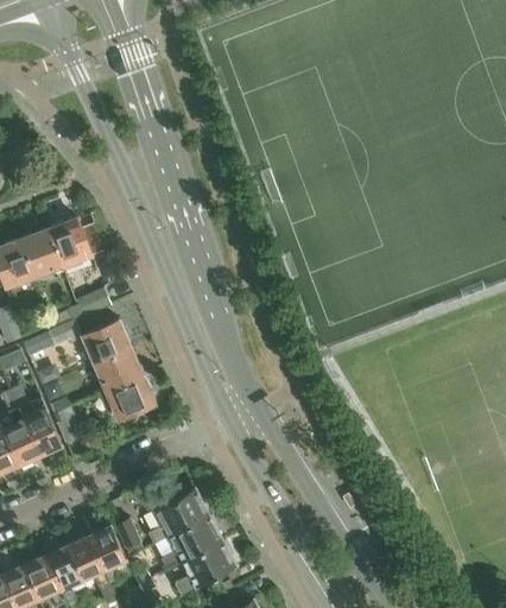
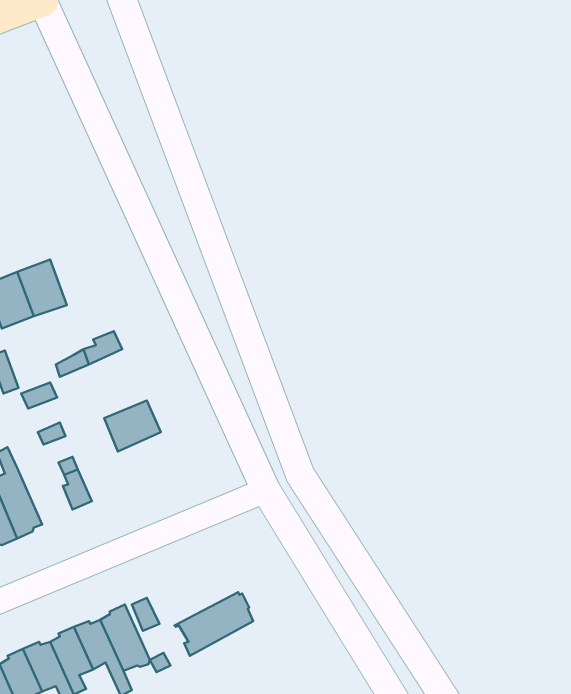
building: [46,216,90,266] -> none
building: [80,319,129,363] -> none
building: [105,375,153,419] -> none
building: [10,385,62,455] -> none
building: [148,488,208,542] -> none
building: [166,538,235,594] -> none

